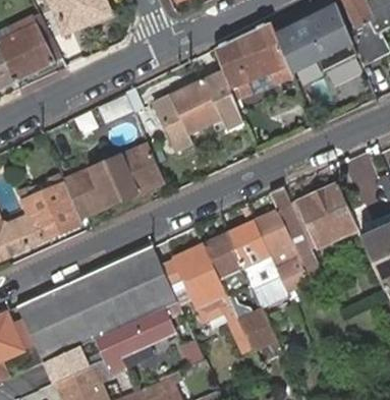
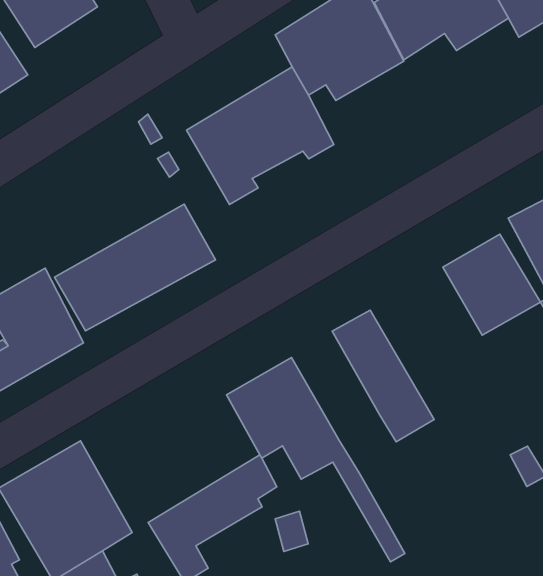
building: [254,186,323,298] -> none
building: [203,232,253,298] -> none
building: [69,244,177,341] -> none
building: [236,307,276,350] -> none

